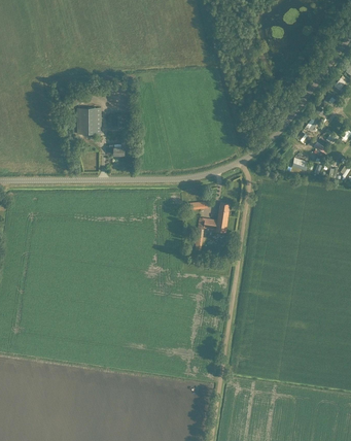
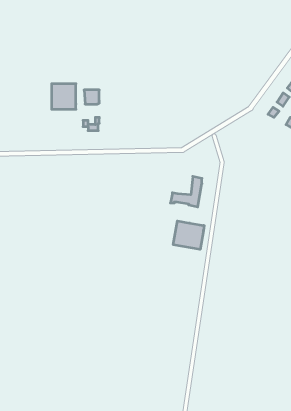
building: none -> [173,221,204,249]

